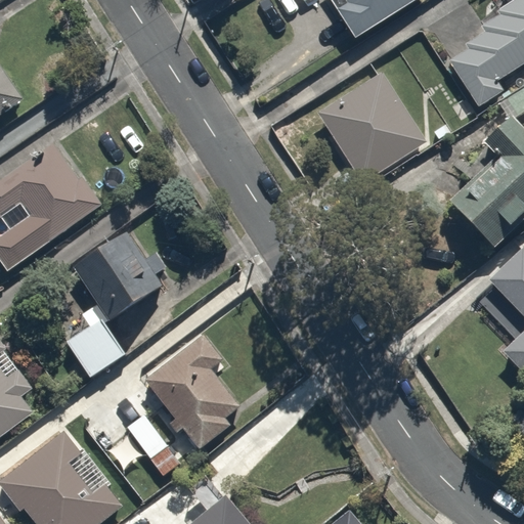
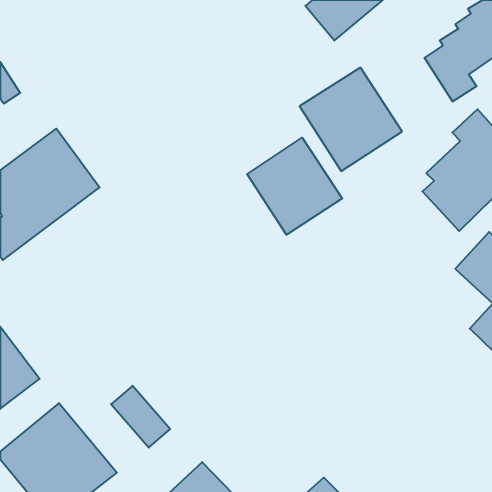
building: none -> [247,138,342,235]
building: [60,228,165,377] -> none
building: [130,328,241,451] -> none

